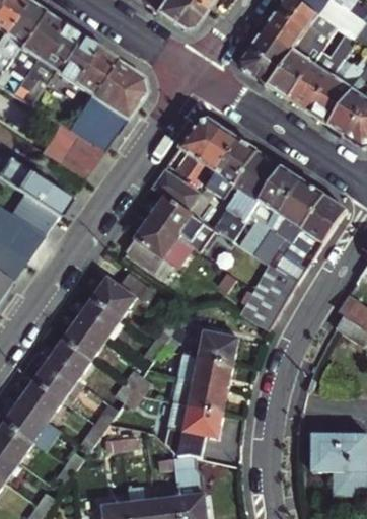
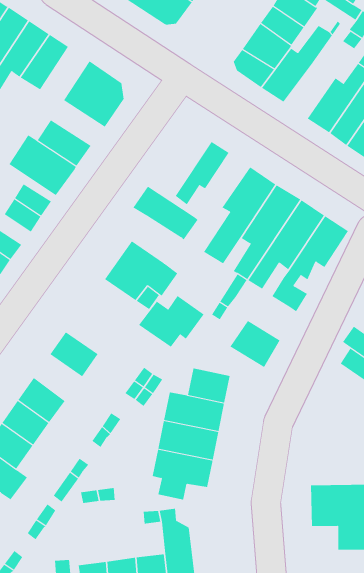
building: [70,45,114,95] -> none
building: [287,46,346,108] -> none
building: [175,120,222,177] -> none
building: [207,139,256,199] -> none
building: [151,196,196,237] -> none
building: [254,263,298,306] -> none
building: [92,272,151,318] -> [138,295,204,348]
building: [64,318,107,360] -> none

